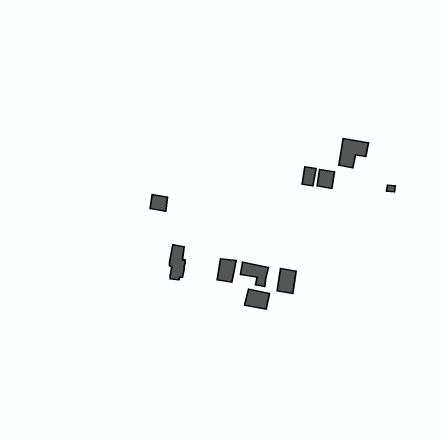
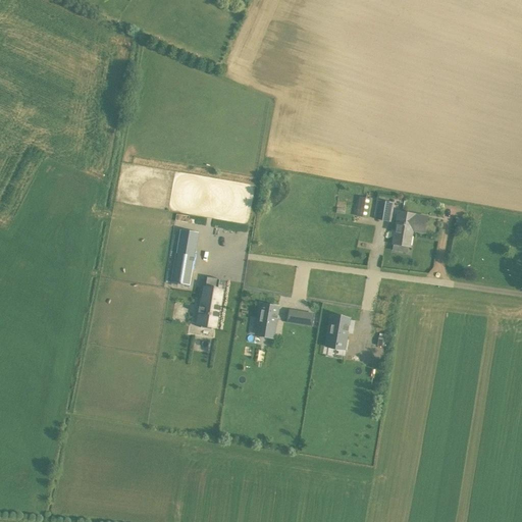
building: [339,138,368,168] -> [392,211,426,246]
building: none -> [169,252,193,284]
building: [244,289,269,309] -> none

